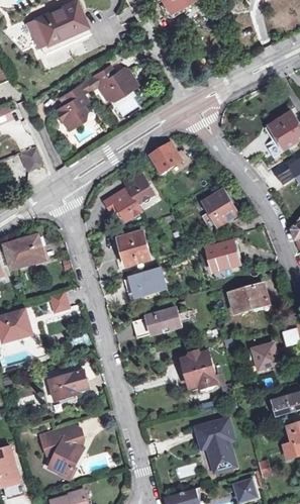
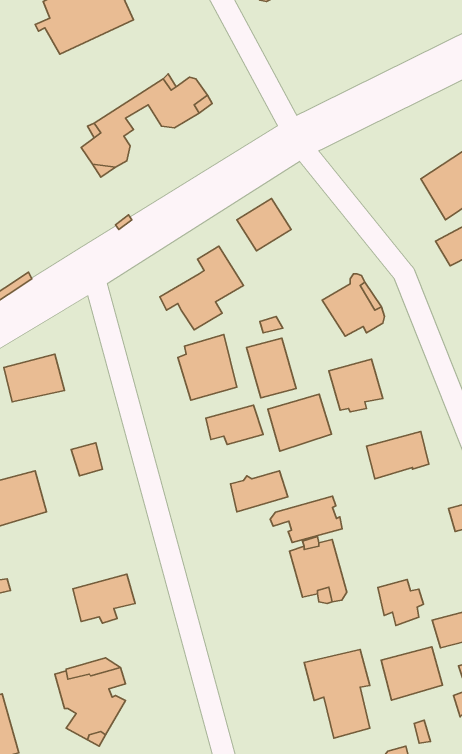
building: [14,144,40,170] -> none
building: none -> [246,338,296,398]
building: none -> [268,394,331,451]
building: none -> [270,496,342,543]
building: [249,342,278,371] -> [378,579,424,625]
building: none -> [381,647,442,700]

